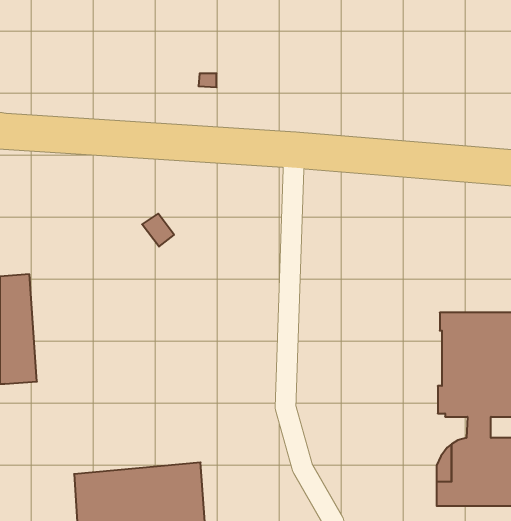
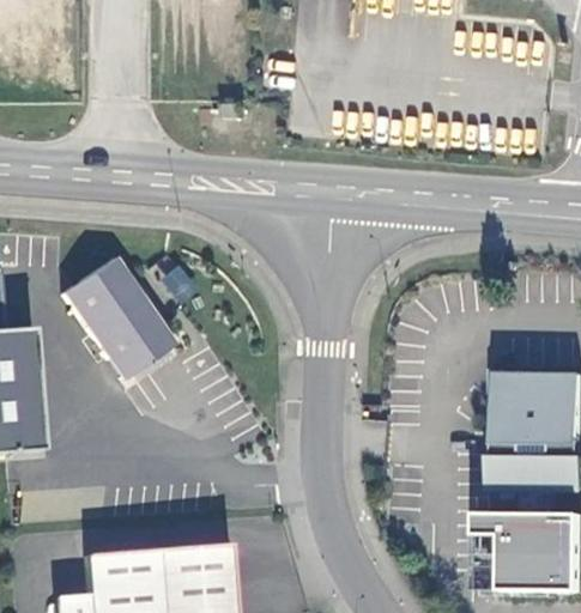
building: none -> [61,255,173,377]

